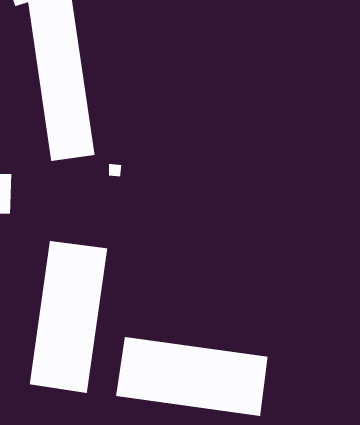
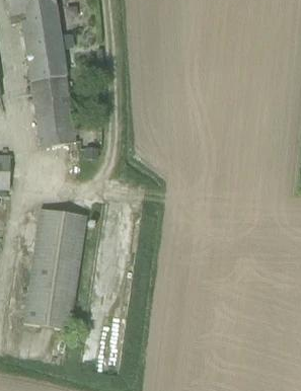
building: [115,336,269,417] -> none

